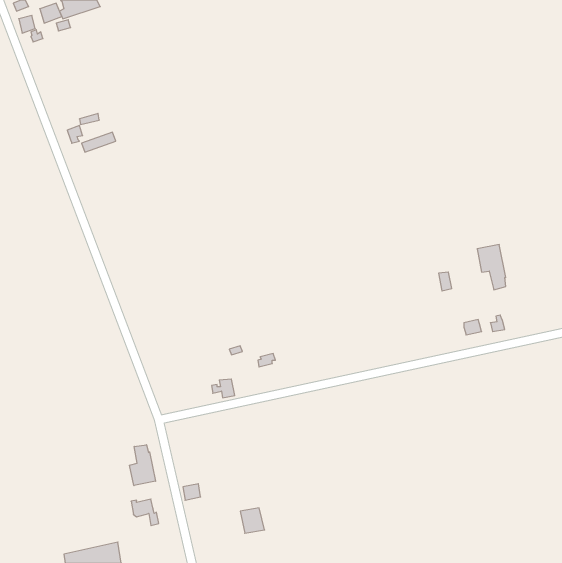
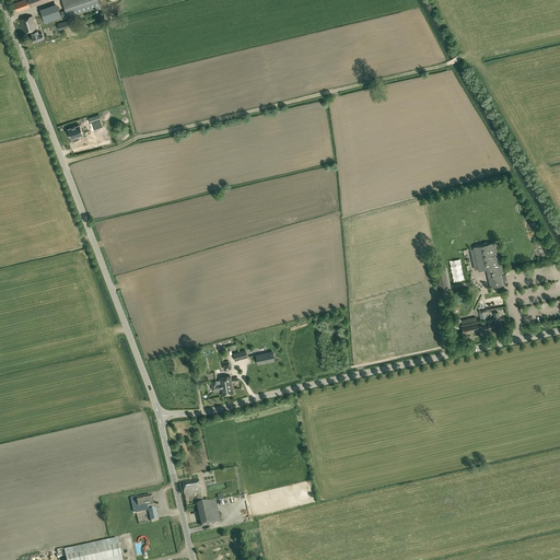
building: [130,445,156,486] -> none
building: [240,508,265,533] -> [196,501,220,526]

